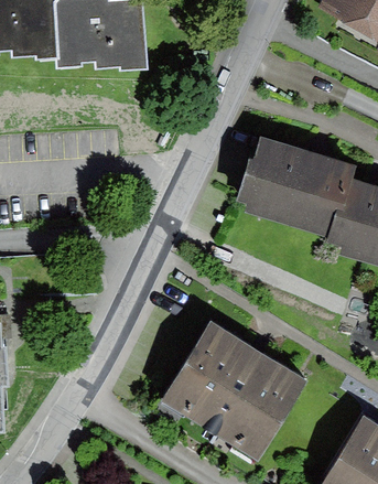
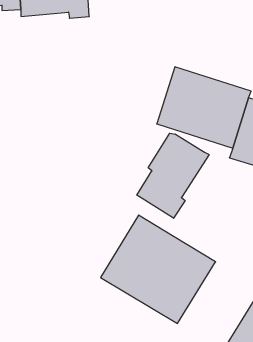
building: none -> [137,133,209,218]

